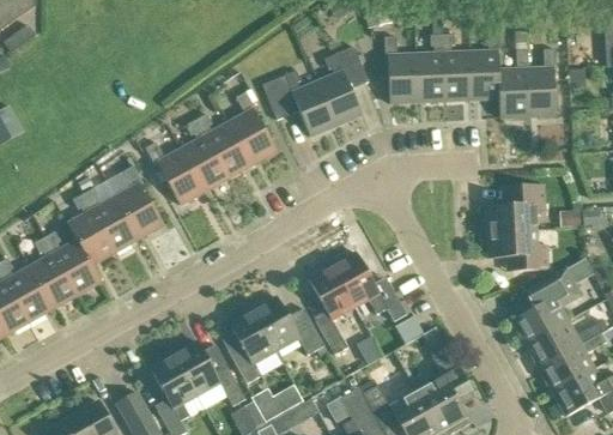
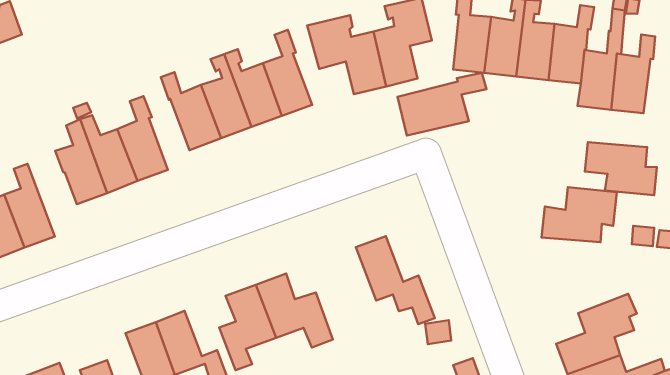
building: none -> [398,73,486,135]
building: [486,229,548,271] -> [585,142,657,195]
building: [45,231,102,295] -> none
building: [309,265,356,355] -> none

